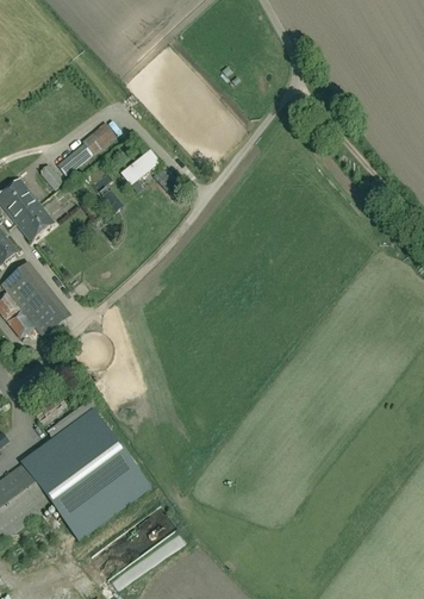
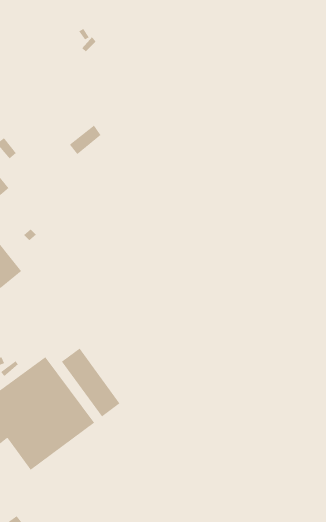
building: [57,121,117,176] -> none
building: none -> [61,347,121,417]

